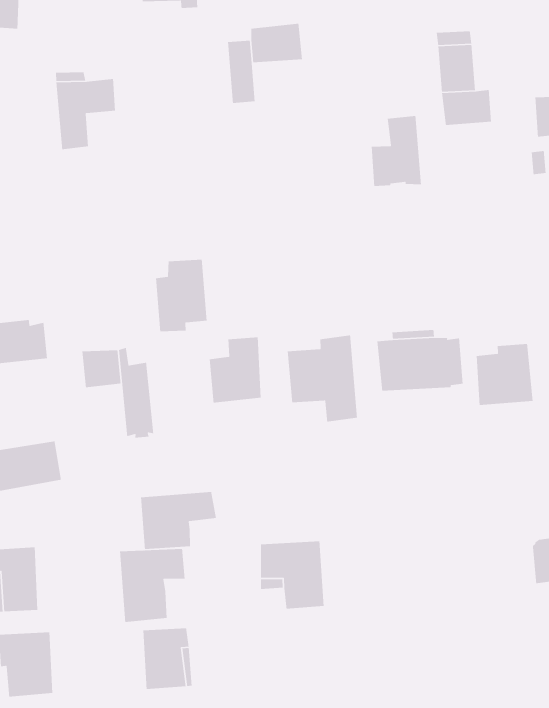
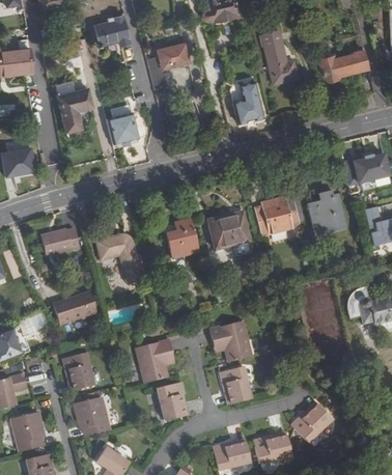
building: [155,259,207,332] -> [106,105,138,148]
building: [140,491,217,550] -> none
building: none -> [219,366,250,403]

